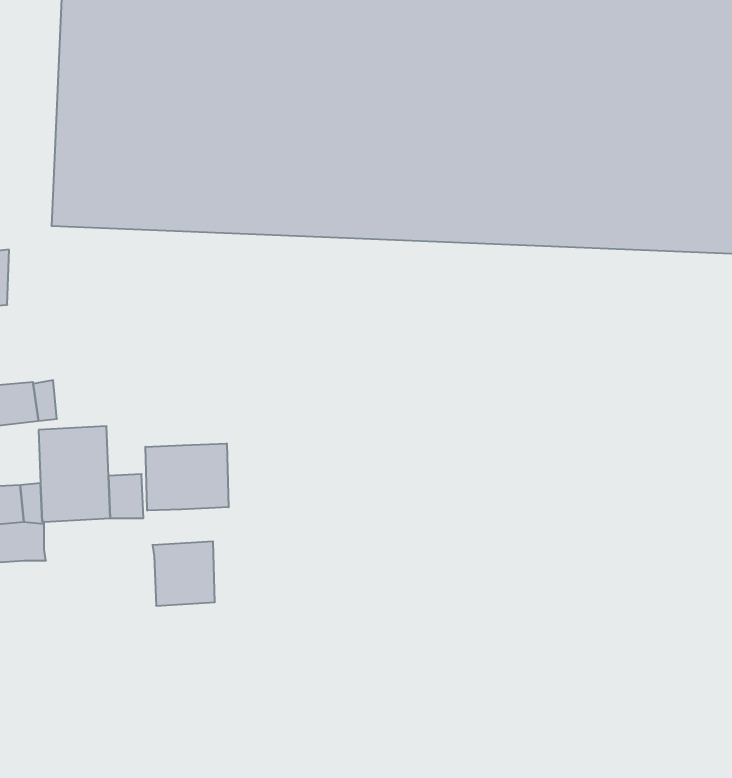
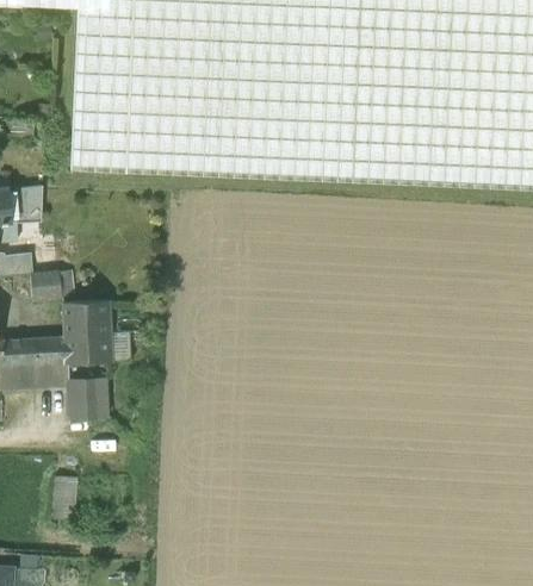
building: [145,443,229,511] -> none
building: [152,541,215,606] -> [66,376,106,418]
building: none -> [54,475,79,519]

